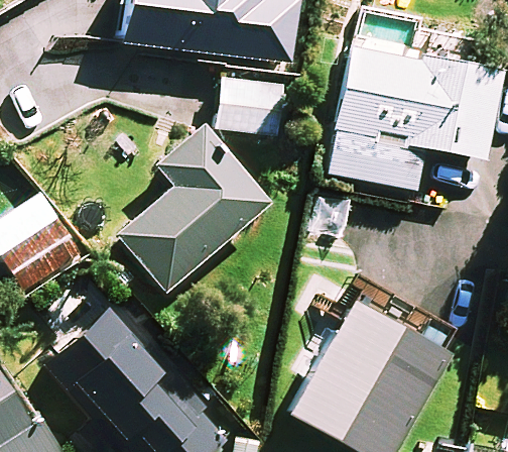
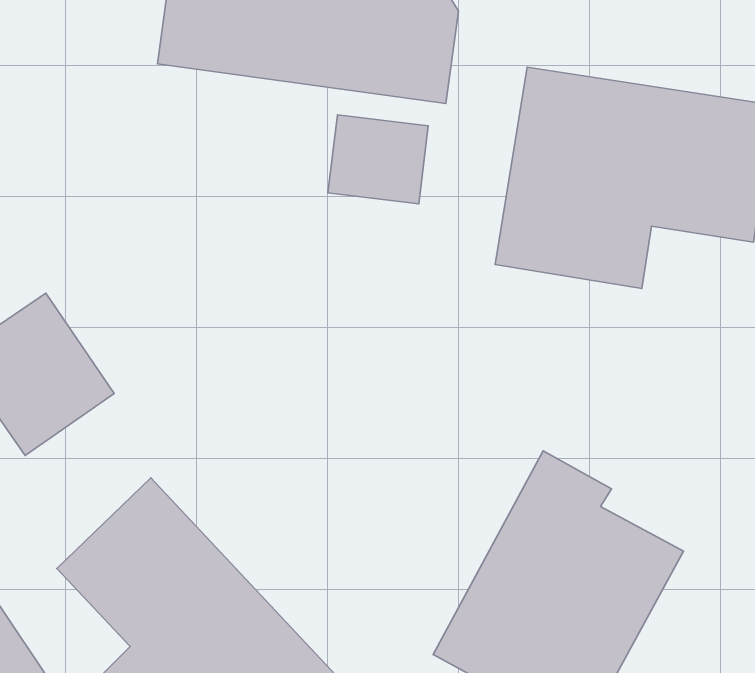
building: [120,129,266,291] -> none

